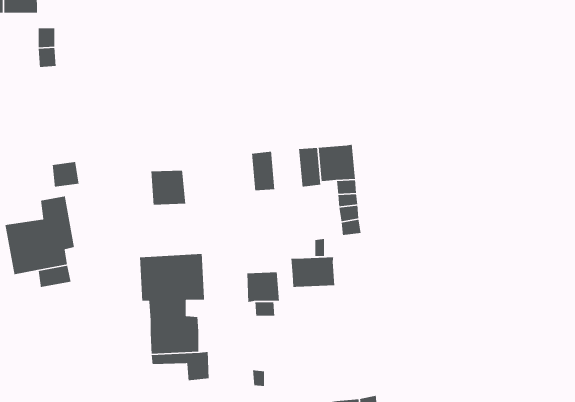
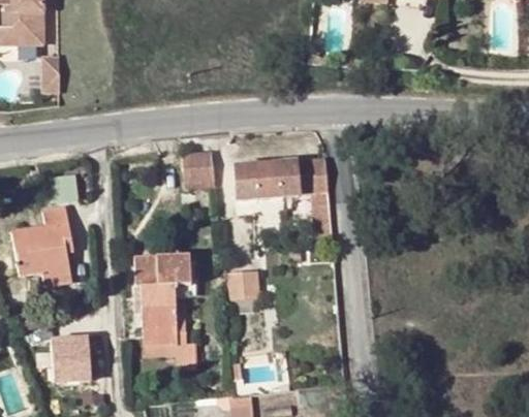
building: none -> [252,162,279,199]
building: [151,170,186,205] -> [183,153,215,185]
building: [288,257,335,288] -> none
building: none -> [49,338,88,382]

